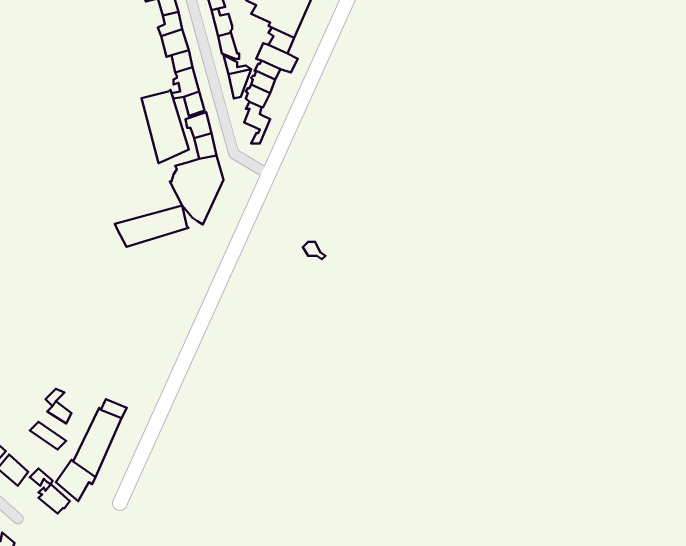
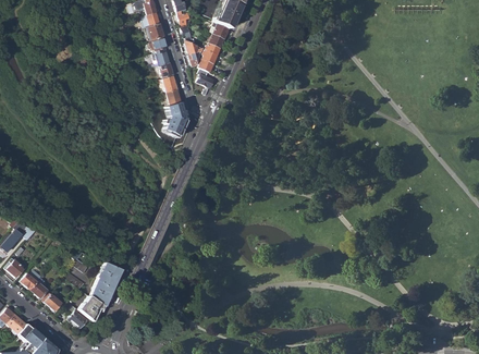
building: [141,90,189,163] -> none
building: [115,206,188,247] -> none

